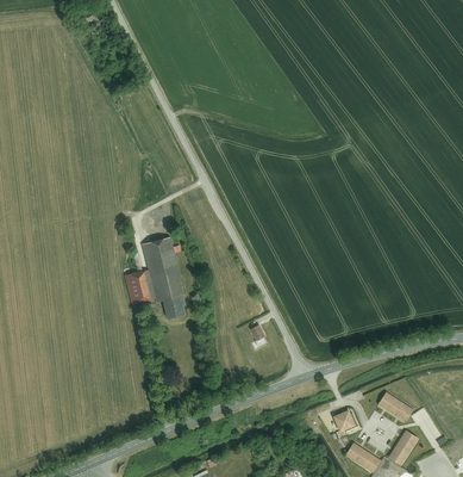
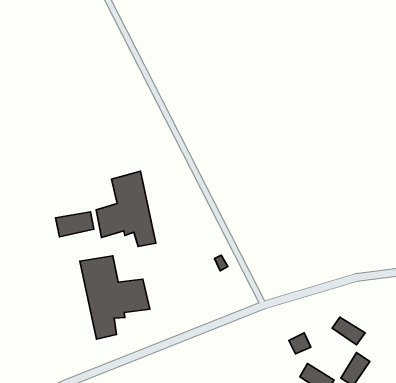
building: none -> [55,212,94,237]
building: none -> [80,256,150,339]

